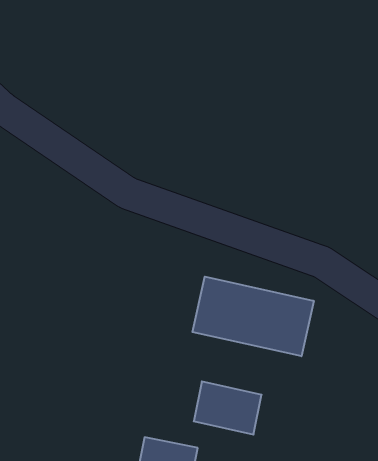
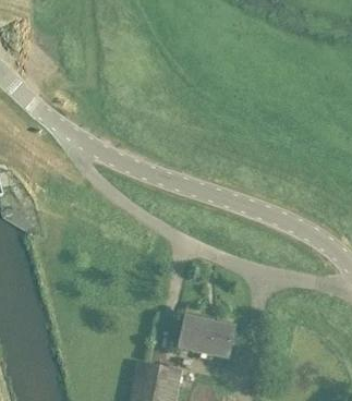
building: [192,277,314,356] -> none

